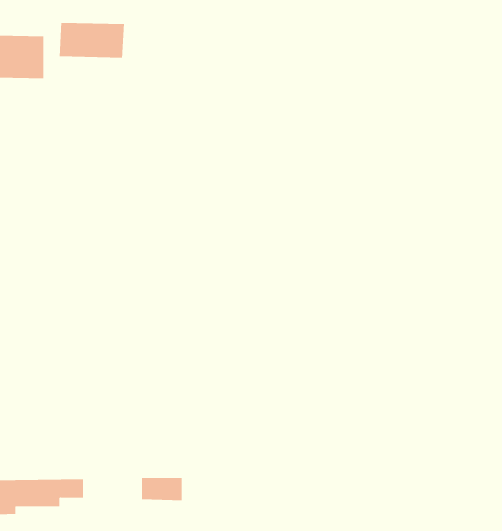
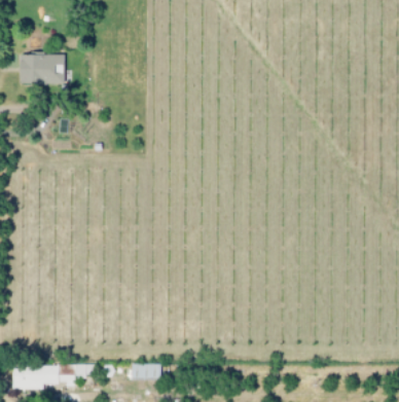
building: [59,22,124,58] -> none

